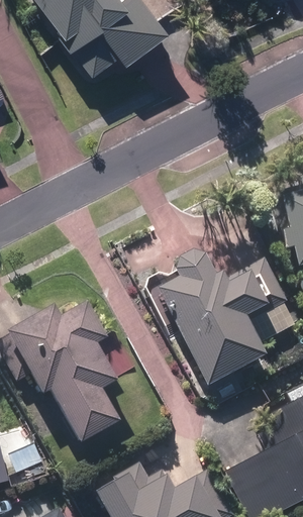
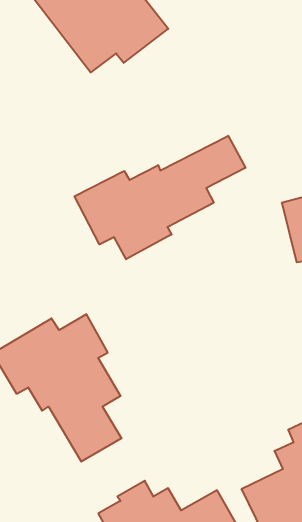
building: none -> [74,136,245,259]
building: [159,250,286,398] -> none

